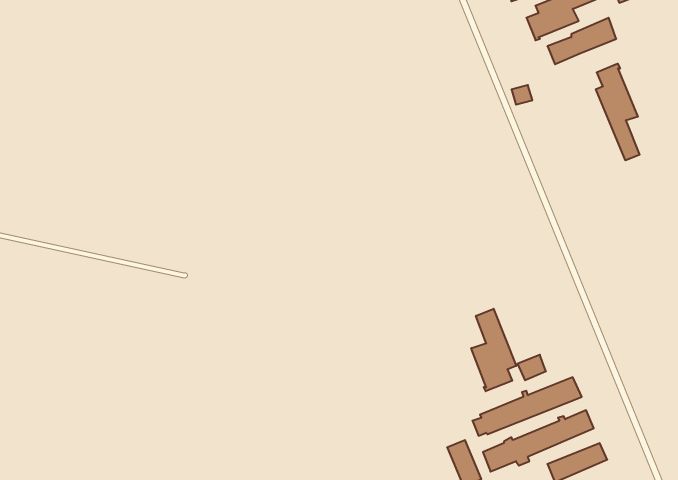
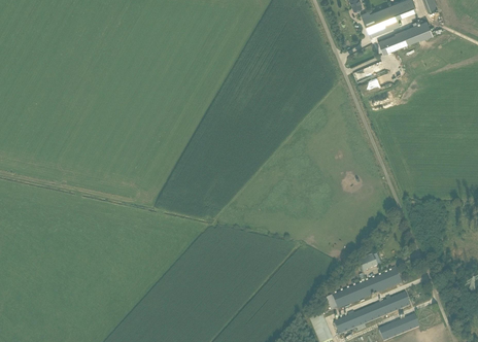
building: [596,64,640,160] -> none
building: [471,309,516,391] -> none

